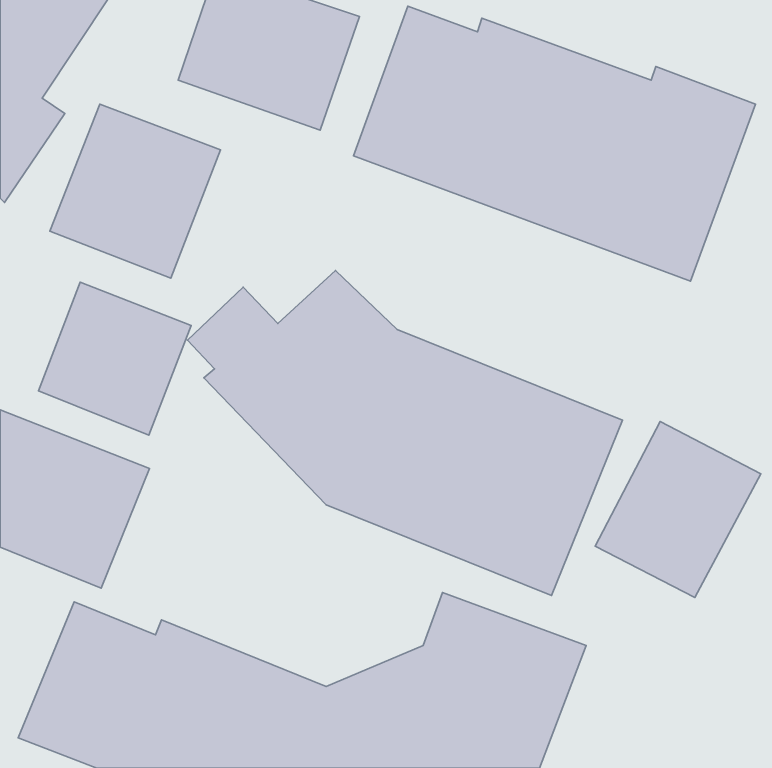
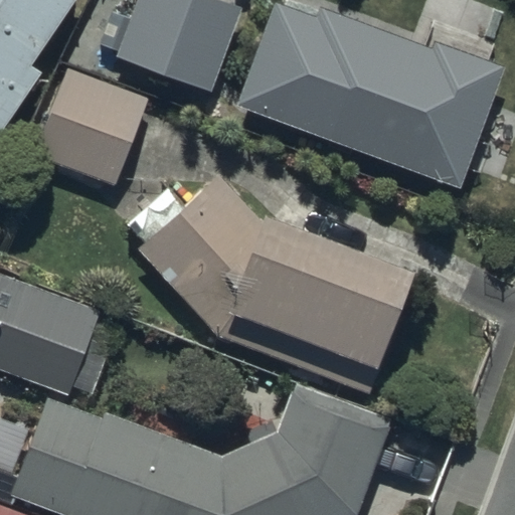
building: [39,282,191,435] -> none
building: [595,422,761,598] -> none

